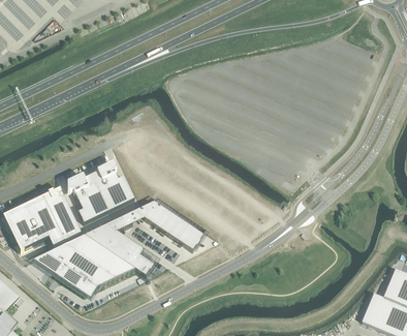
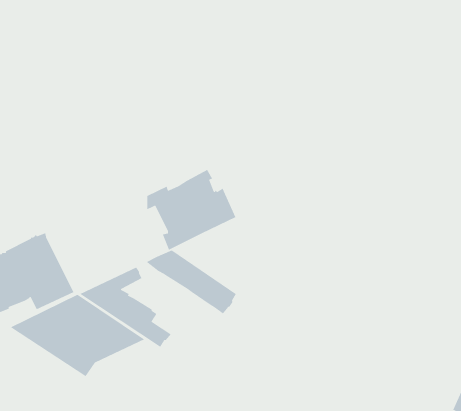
building: [67,161,134,222] -> [146,169,237,251]

